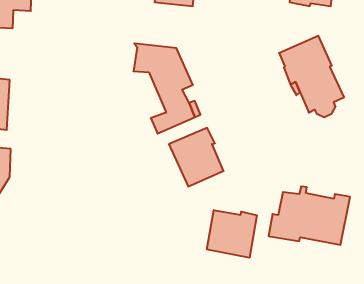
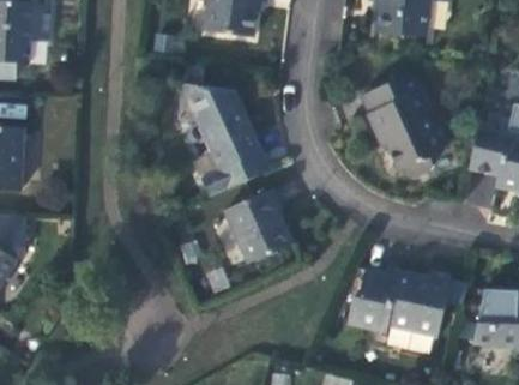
building: [207,210,257,258] -> none

